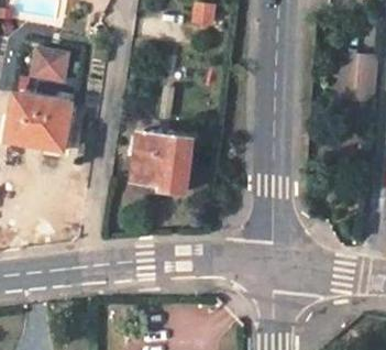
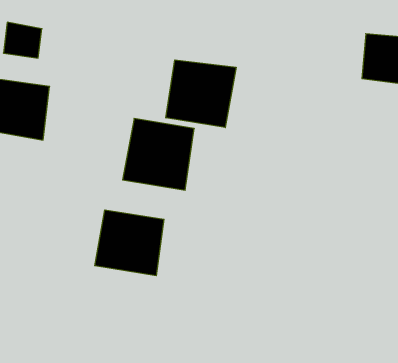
building: none -> [166,60,236,128]
building: none -> [95,210,164,276]

